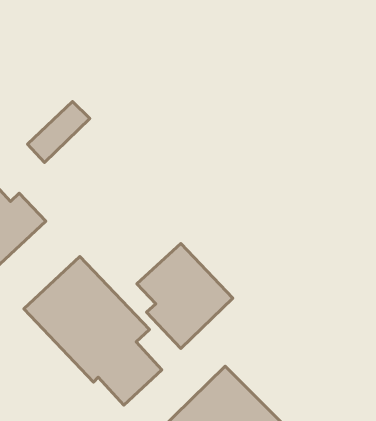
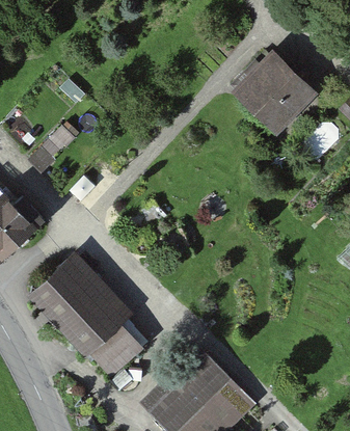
building: none -> [231,49,319,136]
building: [137,243,233,349] -> none

